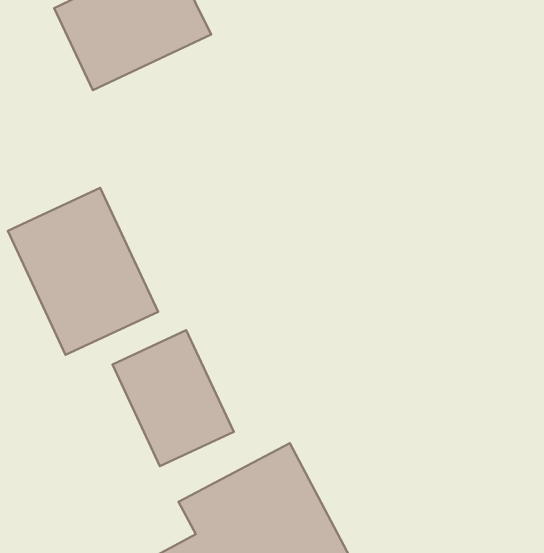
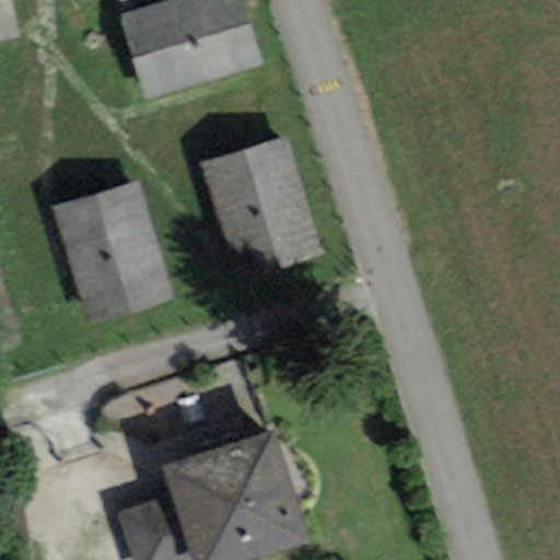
building: none -> [201,137,320,276]
building: [112,330,234,466] -> none

